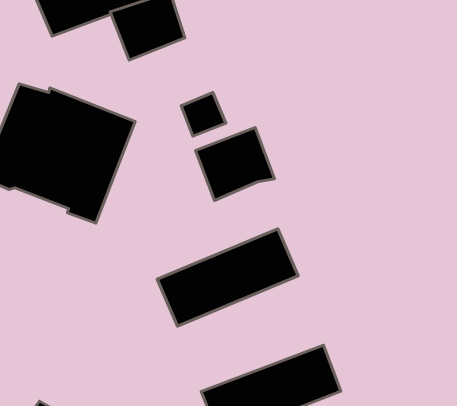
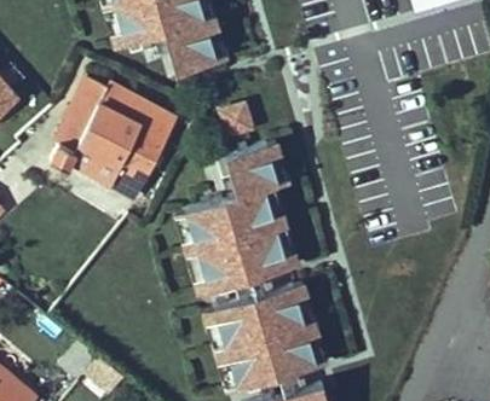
building: none -> [173,178,290,251]
building: none -> [202,275,319,349]

